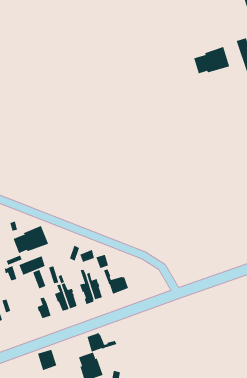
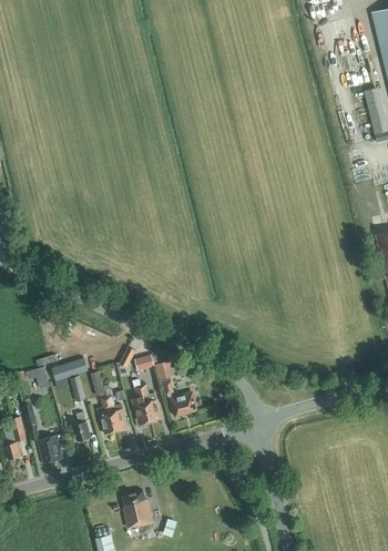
building: [194,46,230,74] -> none
building: [13,225,49,254] -> none
building: [87,332,117,352] -> none
building: [37,349,57,371] -> [37,436,62,463]

